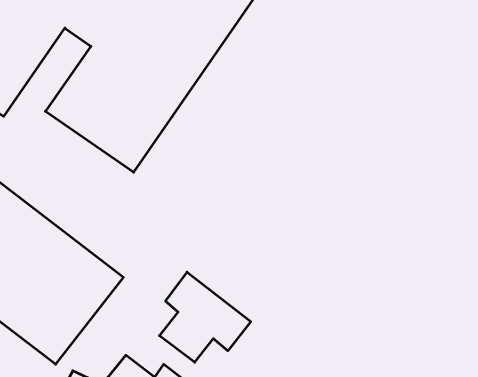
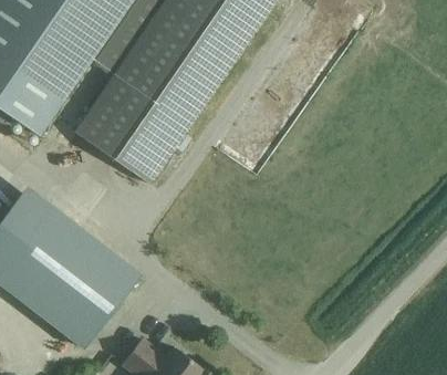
building: [159,272,251,362] -> none

